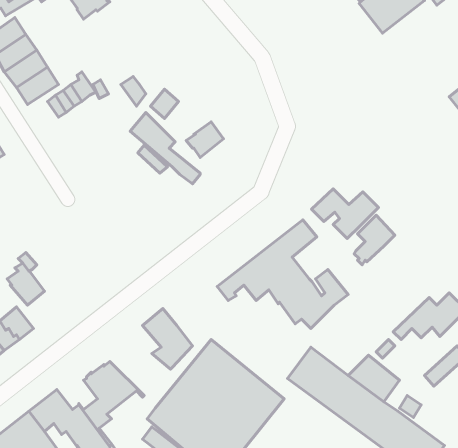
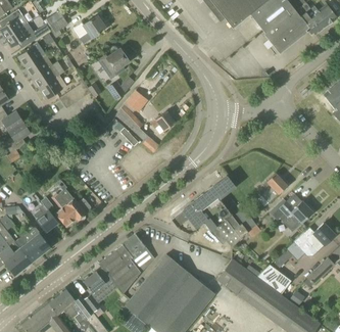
building: none -> [98,49,129,78]
building: [311,189,378,239] -> [269,199,312,232]
building: none -> [54,181,90,226]
building: none -> [98,245,140,291]

